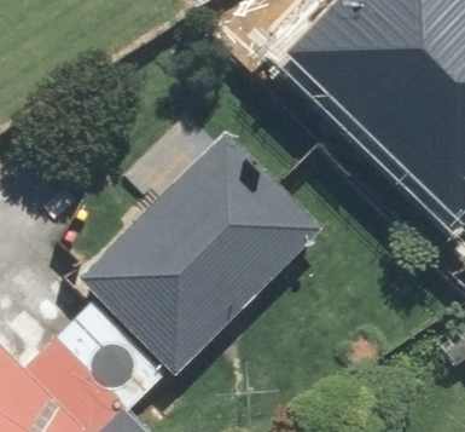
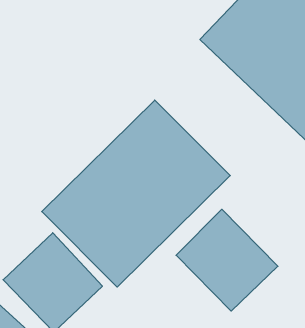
building: none -> [176,209,278,311]

